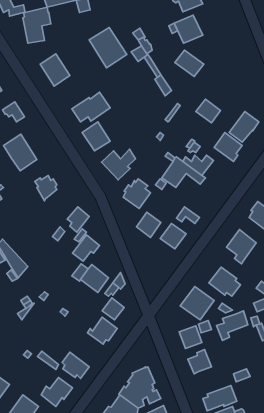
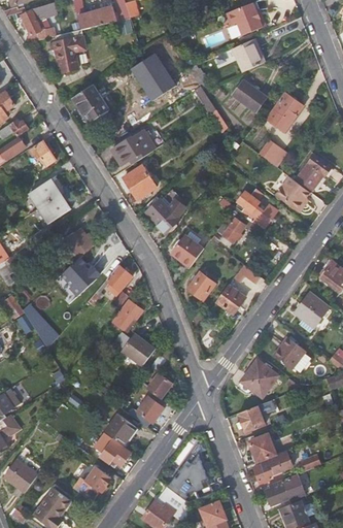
building: none -> [262,92,304,132]
building: none -> [62,256,102,294]
building: [216,311,248,341] -> [253,450,290,485]
building: none -> [105,414,138,446]

